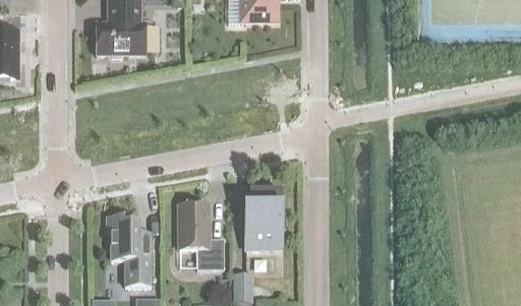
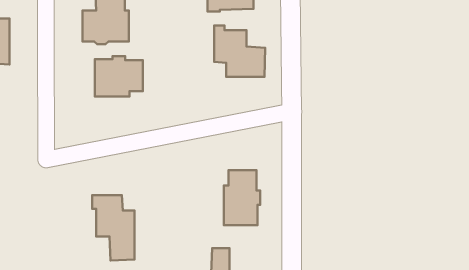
building: none -> [214,26,265,77]
building: none -> [95,56,143,96]
building: [178,203,224,268] -> none

